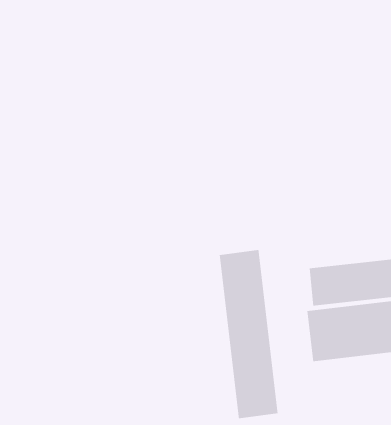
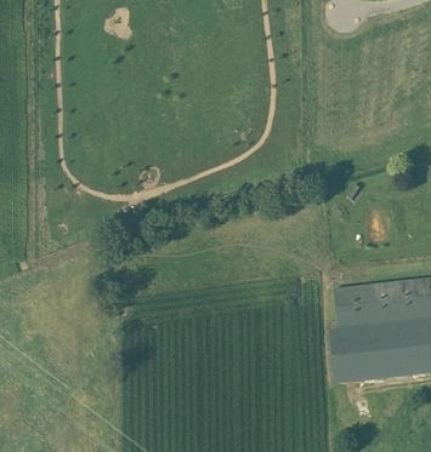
building: [219,249,278,419] -> none

